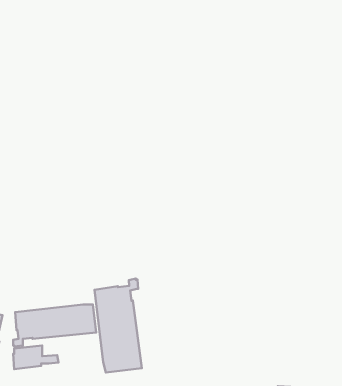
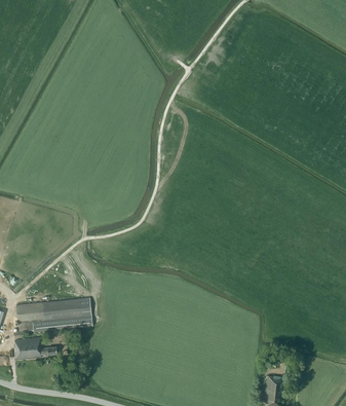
building: [94,279,142,372] -> none

